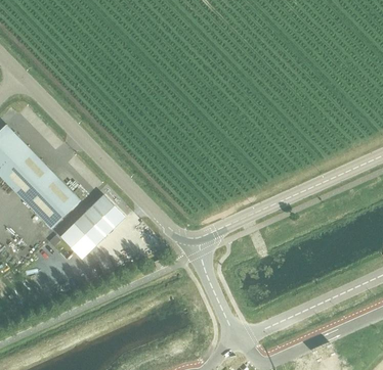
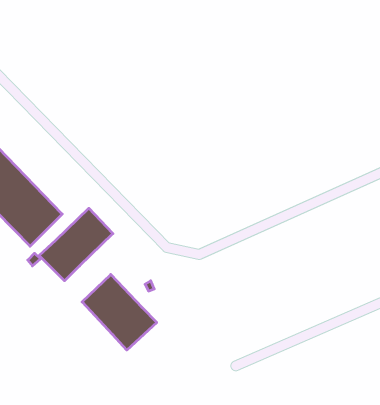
building: none -> [82,274,157,350]

